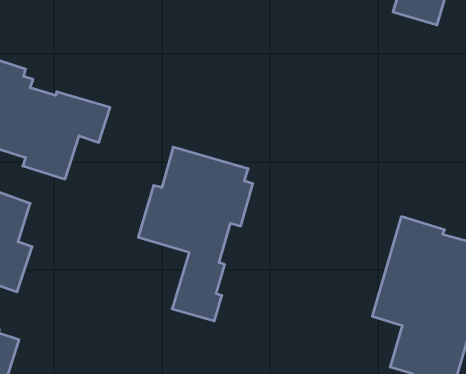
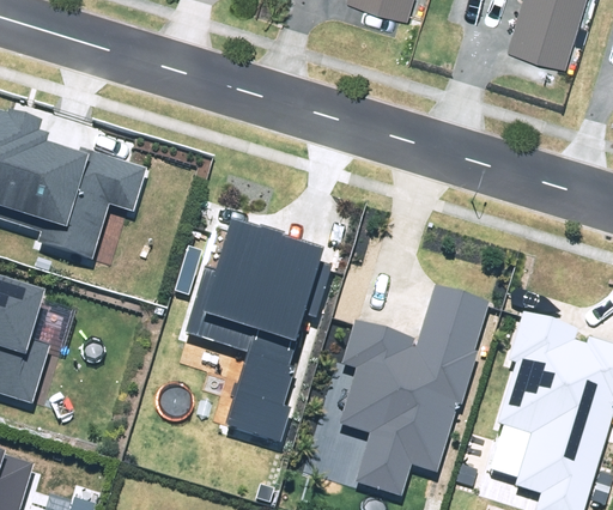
building: none -> [339,287,492,497]

